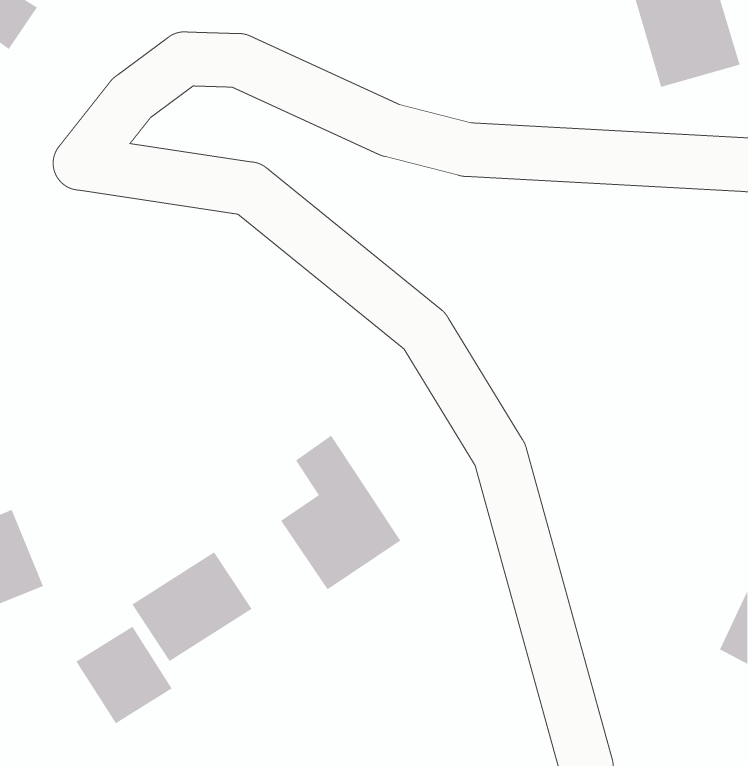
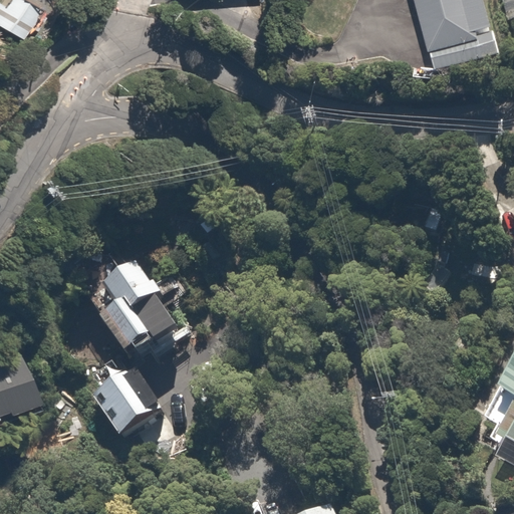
building: [280,435,401,590] -> [103,261,184,364]
building: [76,626,172,724] -> none

